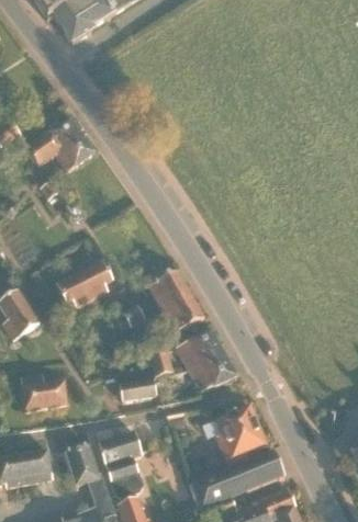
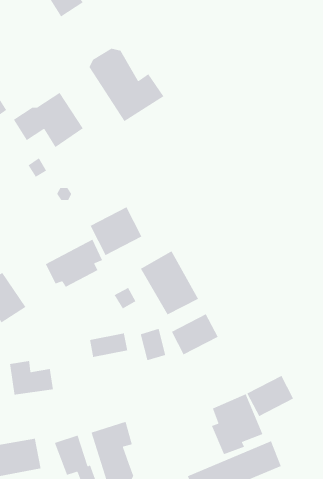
building: none -> [89,48,164,122]
building: none -> [89,206,143,256]
building: [188,352,234,393] -> [246,375,294,417]
building: [118,379,155,404] -> [89,333,128,358]

